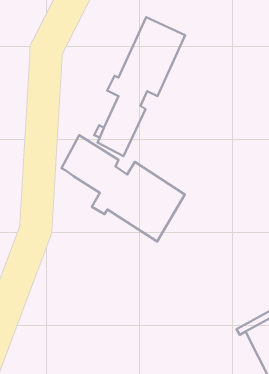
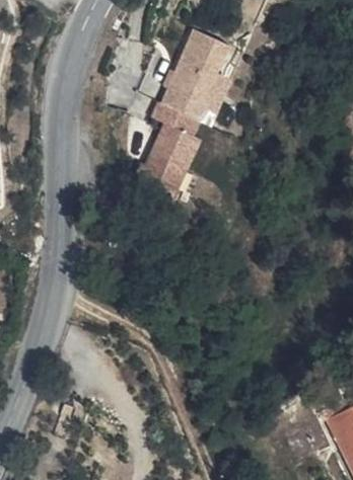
building: [62,135,185,241] -> none

